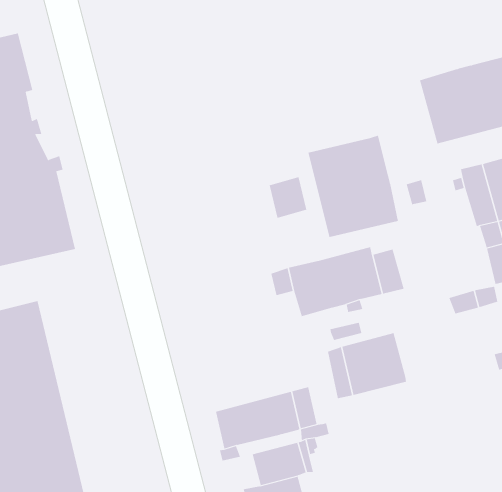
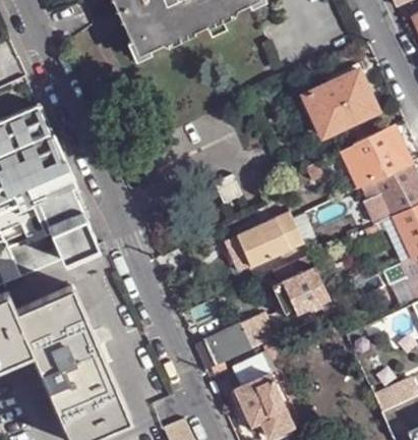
building: [308,135,399,238] -> none

